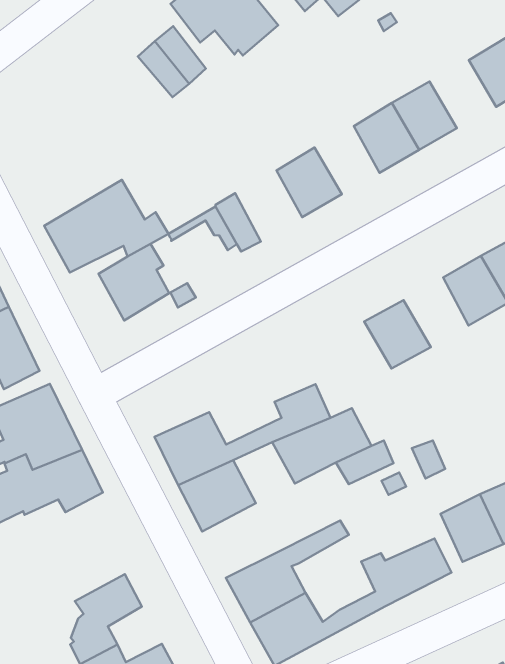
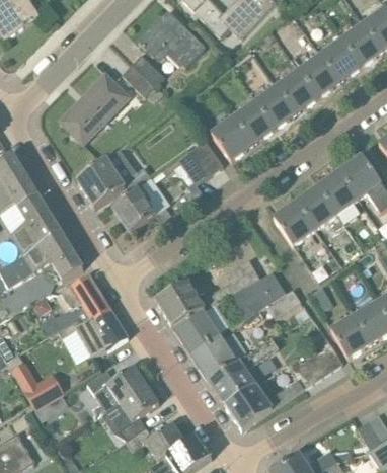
building: none -> [60,73,130,143]
building: none -> [299,55,340,96]
building: none -> [234,101,275,143]
building: none -> [189,138,224,176]
building: none -> [297,186,337,229]
building: none -> [190,333,238,380]
building: none -> [87,366,147,411]

